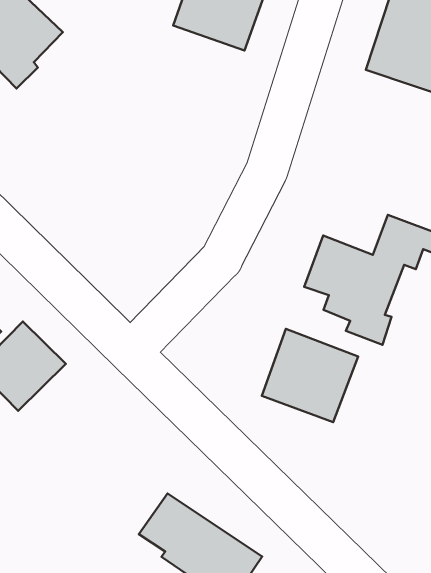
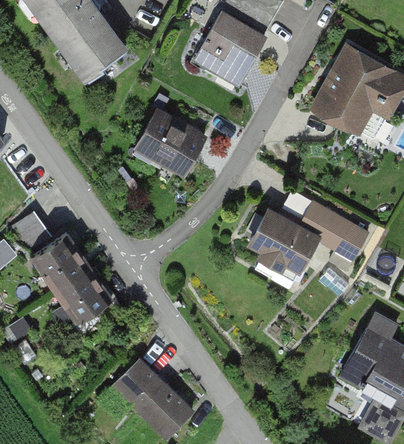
building: none -> [139,112,204,171]
building: [262,329,358,422] -> none
building: none -> [53,264,113,339]

